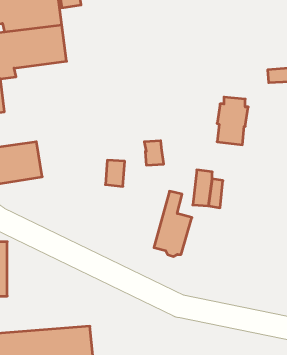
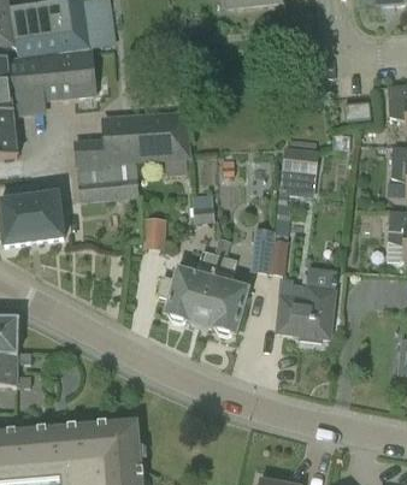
building: none -> [75,110,190,201]
building: none -> [159,248,222,324]
building: none -> [276,267,336,338]

